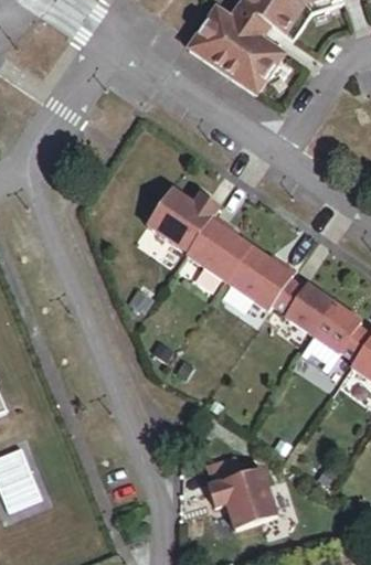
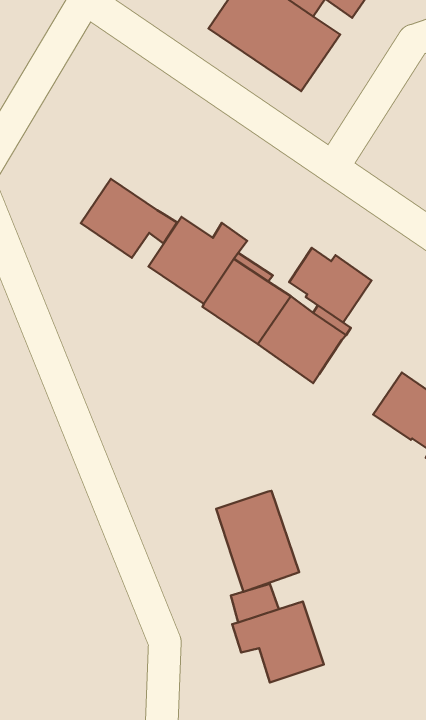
building: none -> [81,179,177,258]
building: [272,277,332,332] -> [289,248,372,323]
building: none -> [216,491,299,592]

